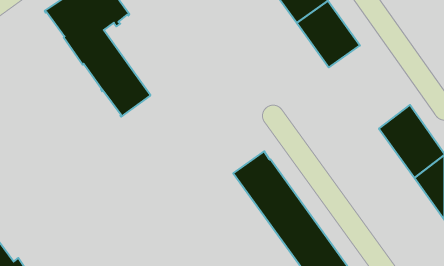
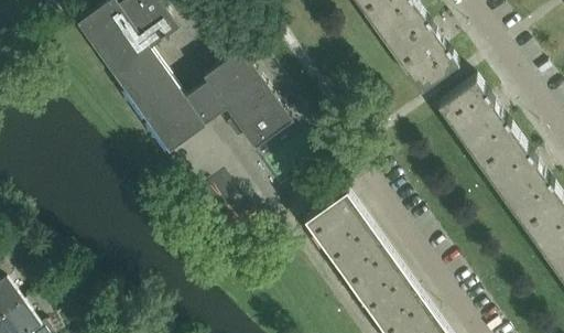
building: none -> [184,50,292,148]
building: none -> [436,76,518,165]

